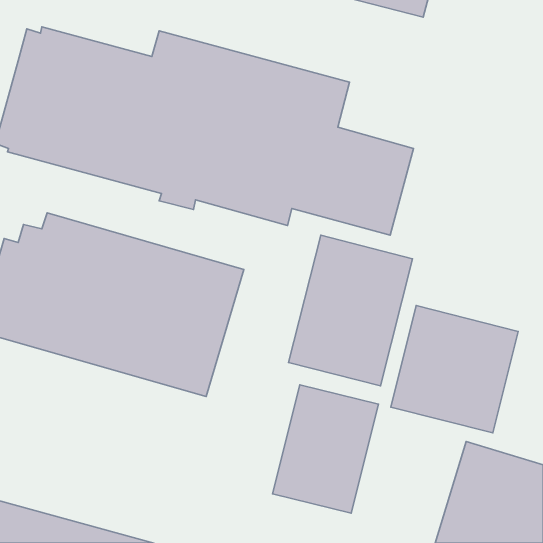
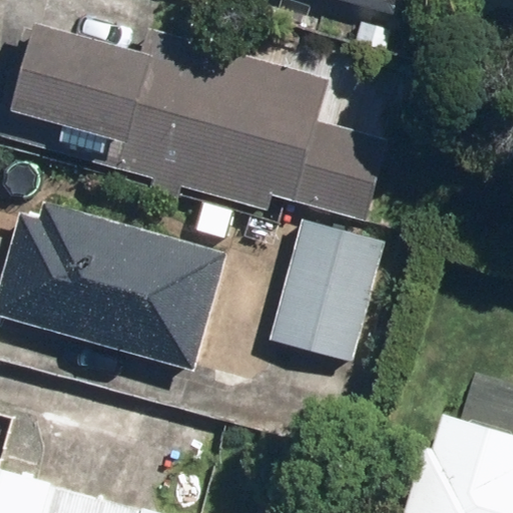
building: [391,306,518,433] -> none
building: [273,385,378,513] -> none

